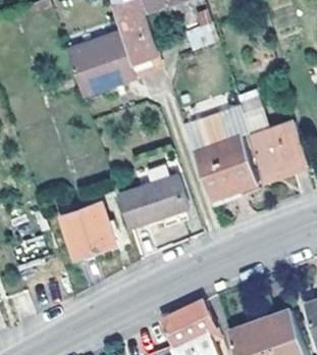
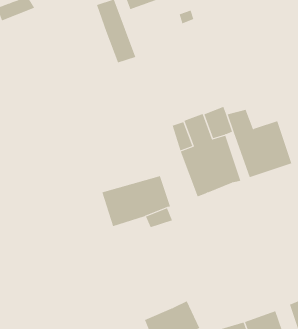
building: [66,33,138,95] -> none
building: [59,203,114,259] -> none

